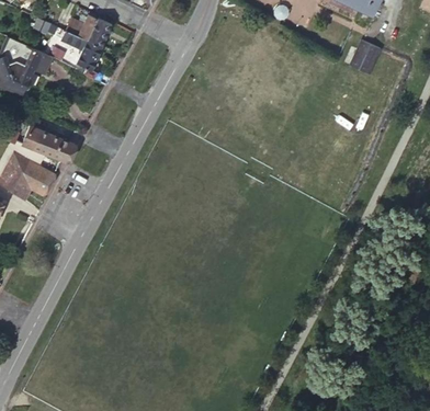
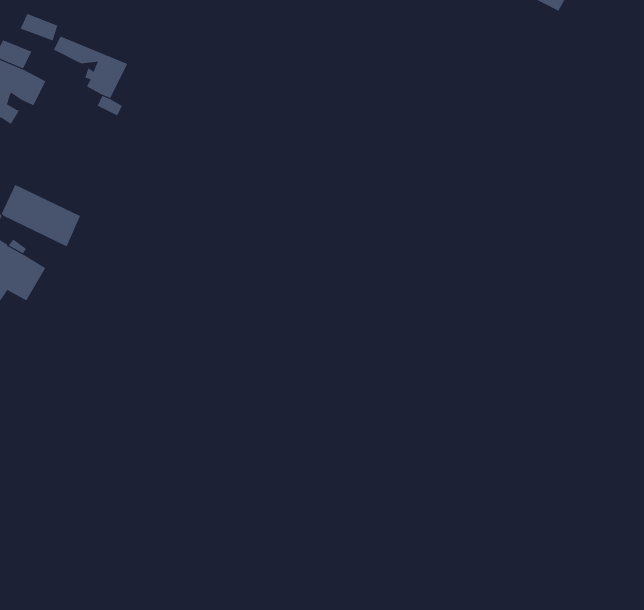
building: [59,16,113,49] -> none
building: [353,41,381,70] -> none

